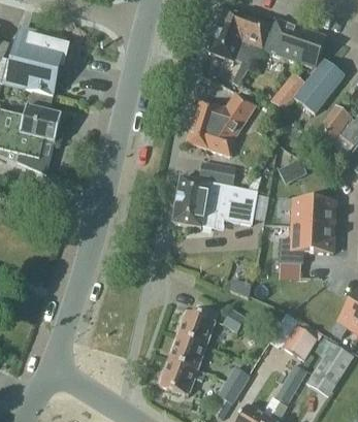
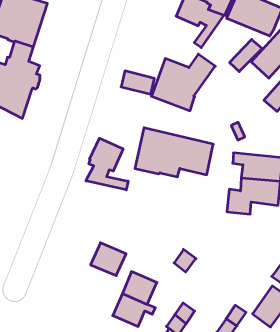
building: [199,160,235,184] -> [121,71,154,94]
building: none -> [86,138,128,190]
building: [176,311,215,346] -> [91,243,126,276]
building: [282,325,316,359] -> none

